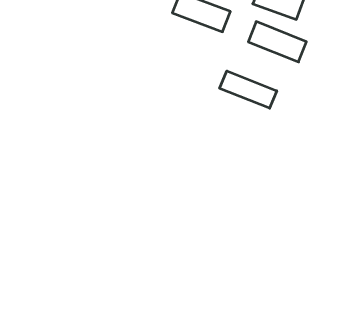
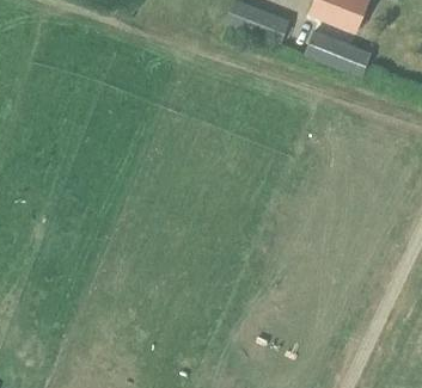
building: [220,71,277,108] -> none

